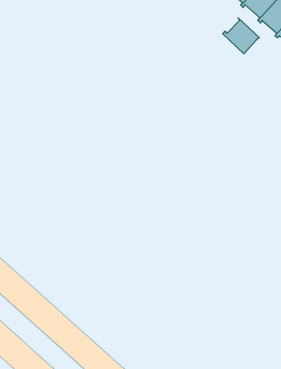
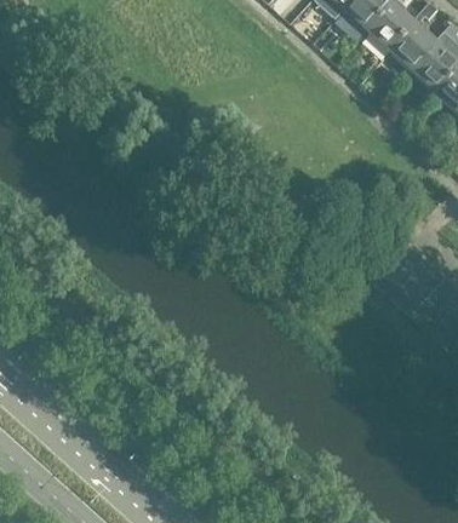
building: [223,18,259,54] -> none

